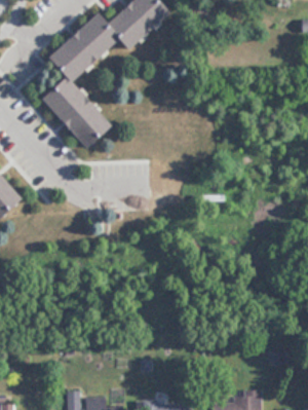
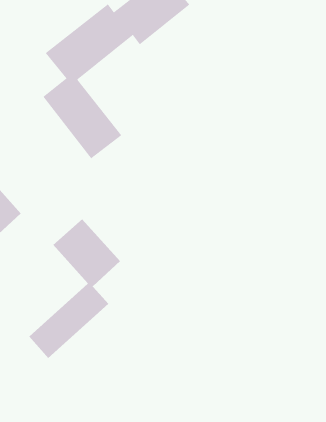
building: none -> [29,218,121,359]

